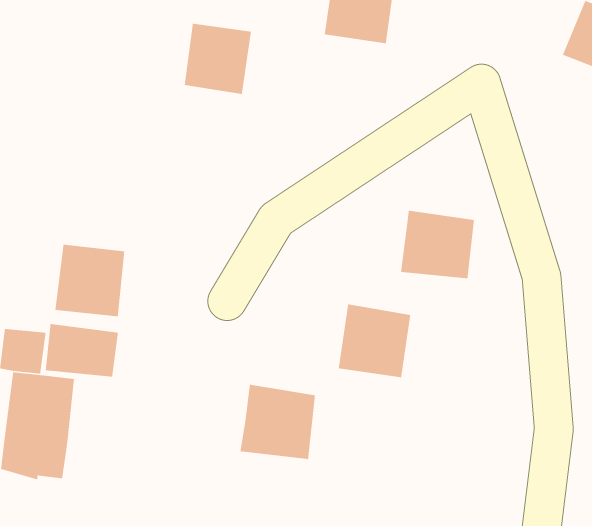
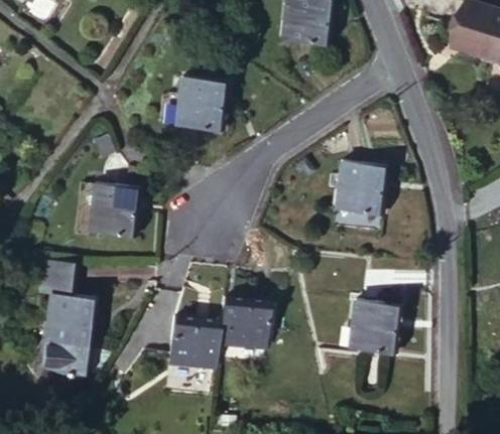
building: [184,23,252,95] -> [172,82,223,135]
building: [338,304,411,378] -> [345,299,399,354]
building: [45,323,119,378] -> none
building: none -> [169,311,222,364]

